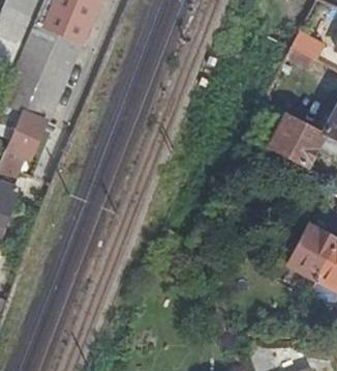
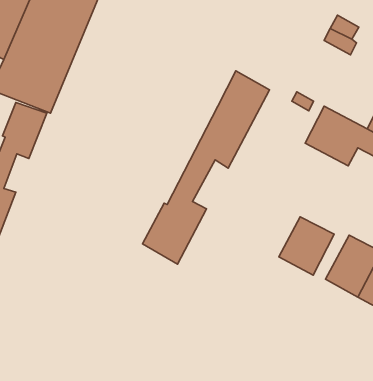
building: none -> [143,71,270,264]
building: none -> [279,217,334,275]

